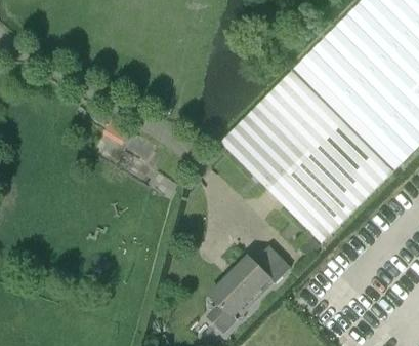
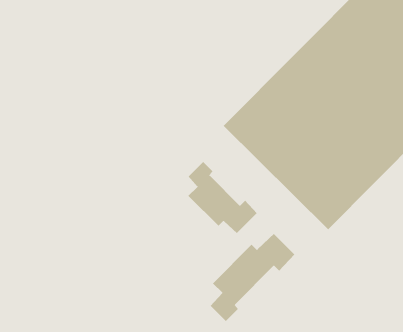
building: none -> [188,161,257,234]

